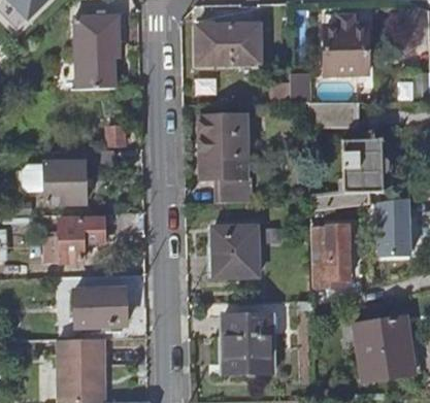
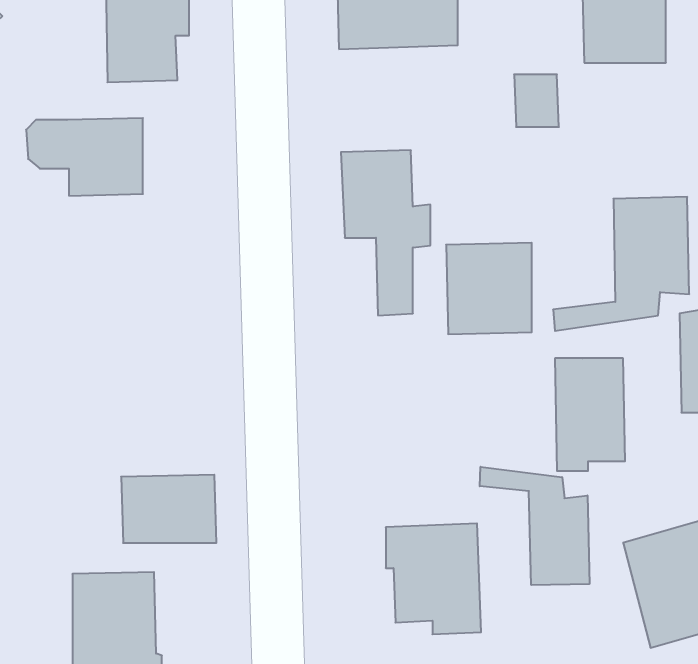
building: [309,102,355,129] -> none
building: [25,163,87,204] -> [26,118,143,196]
building: [49,217,105,263] -> none
building: [213,226,259,274] -> [446,243,532,334]
building: none -> [480,467,589,585]

